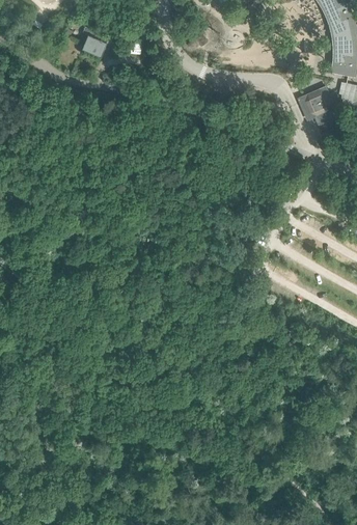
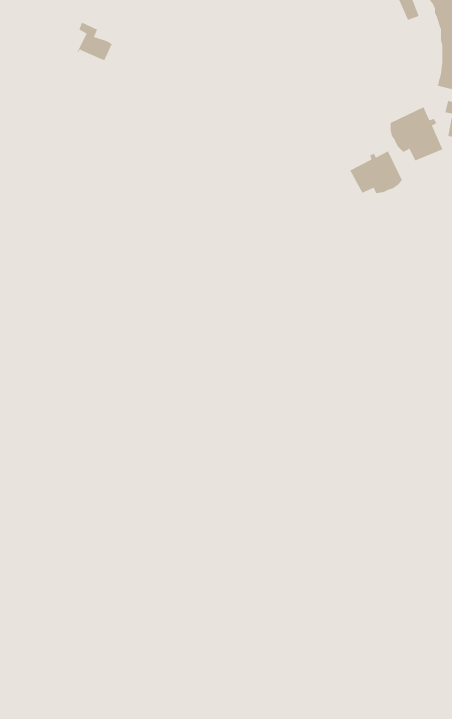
building: none -> [350,151,402,194]

